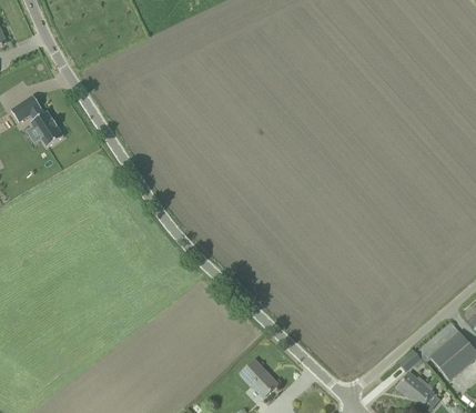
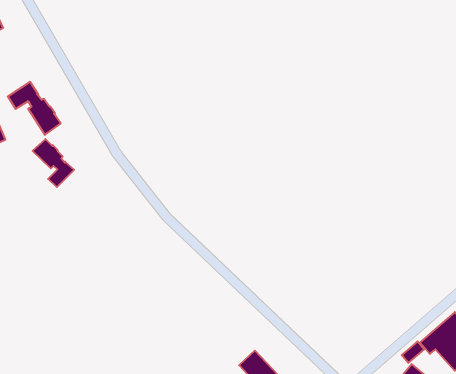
building: none -> [33,139,74,187]

